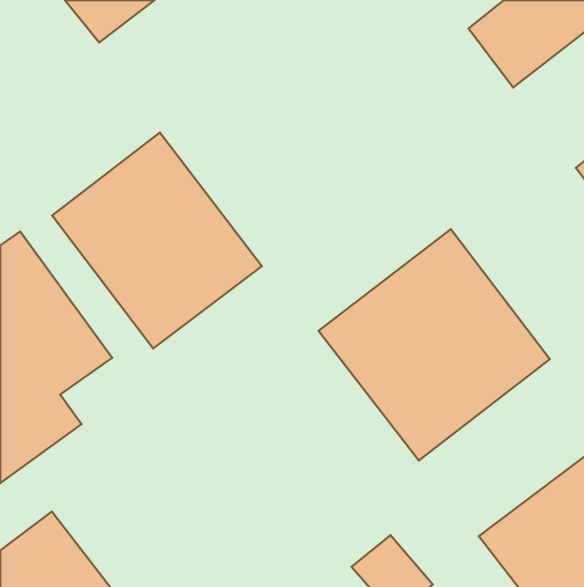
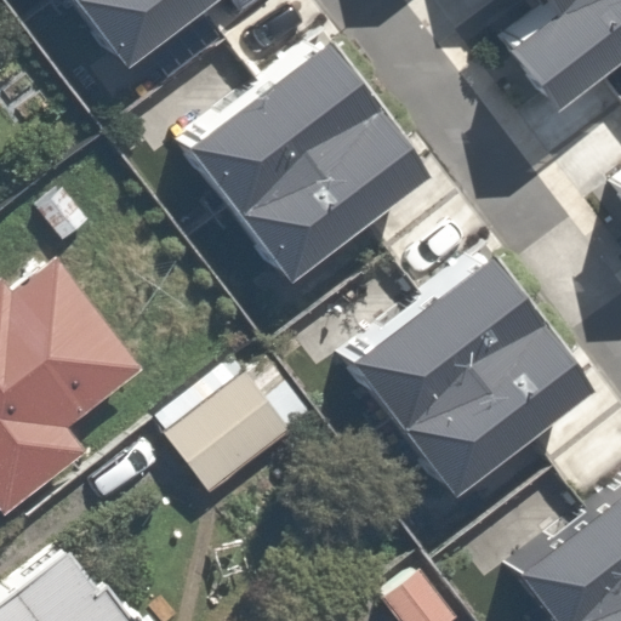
building: none -> [182,39,420,275]
building: [52,133,262,349] -> none
building: none -> [158,352,313,500]

